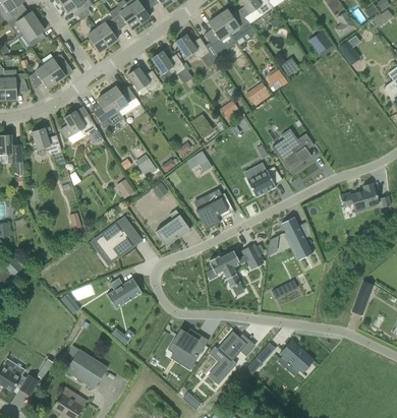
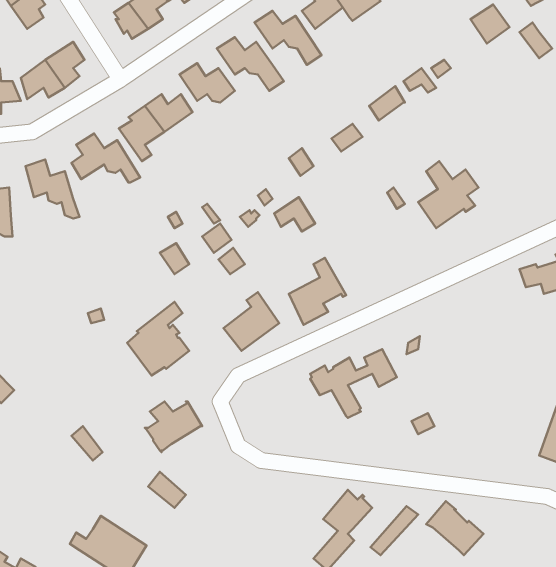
building: [246,167,282,197] -> none
building: [281,217,314,255] -> none
building: [170,329,202,371] -> none

